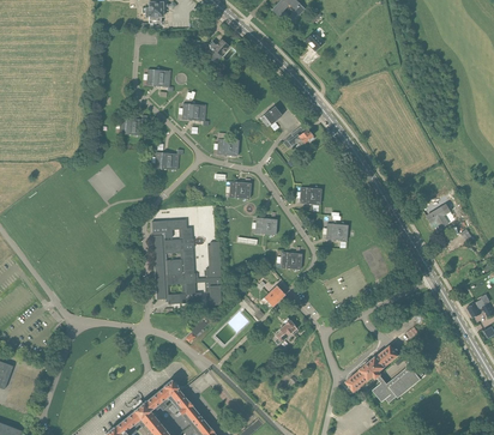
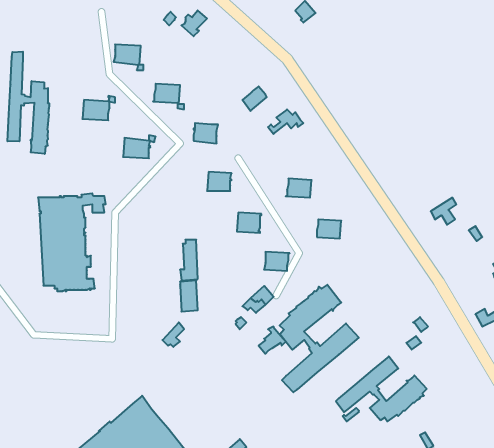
building: none -> [8,52,49,154]
building: [151,217,211,303] -> [38,193,106,291]
building: none -> [280,285,359,392]

